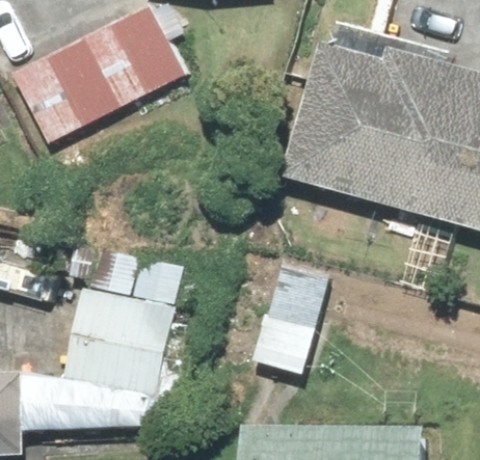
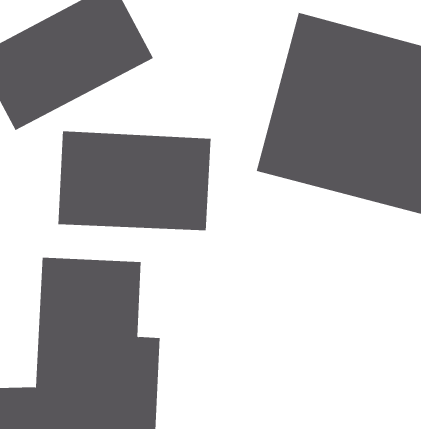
building: none -> [58,131,211,231]
building: [250,260,336,377] -> none

